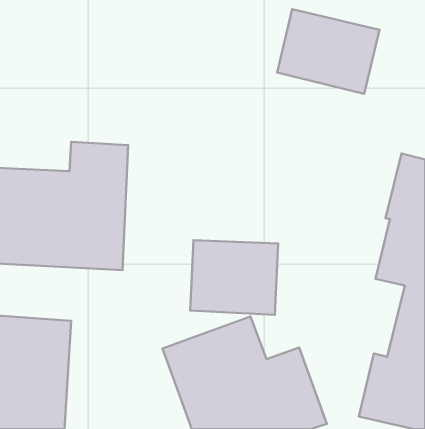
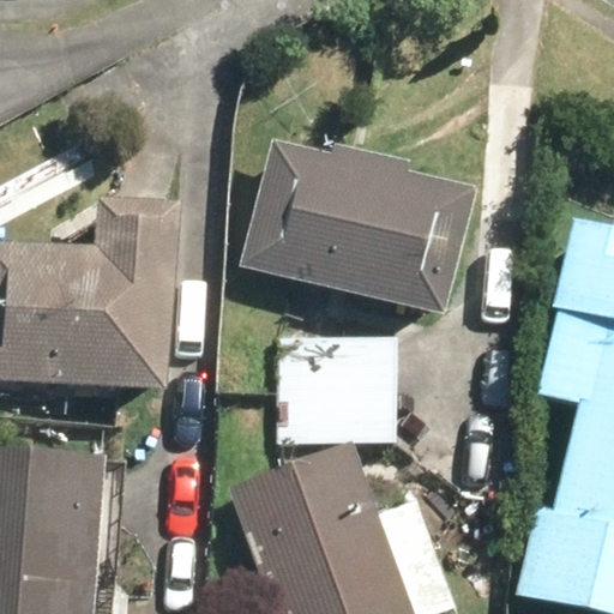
building: [277,9,379,94] -> none
building: none -> [247,143,472,313]

